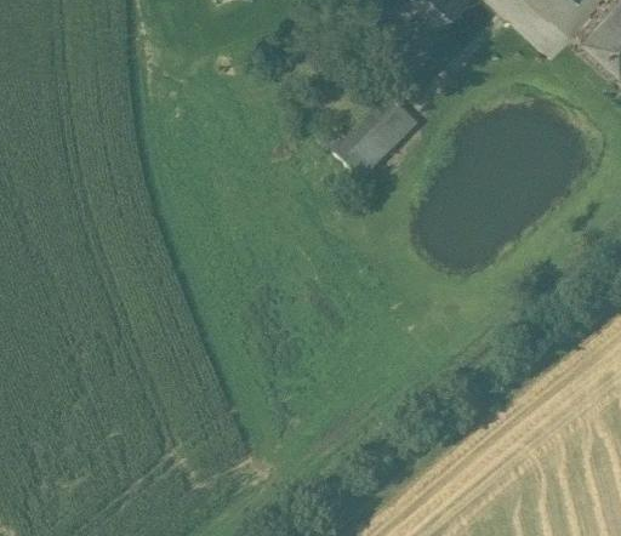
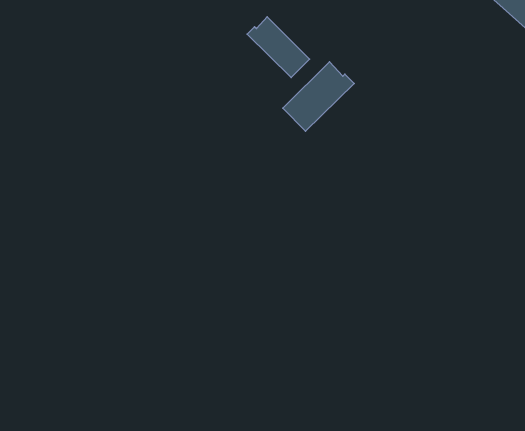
building: none -> [247,17,309,78]

